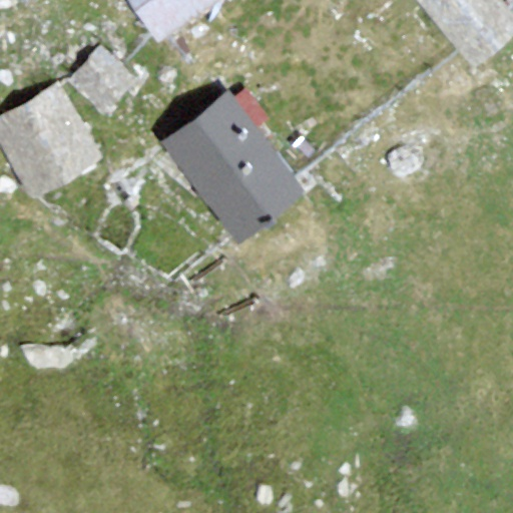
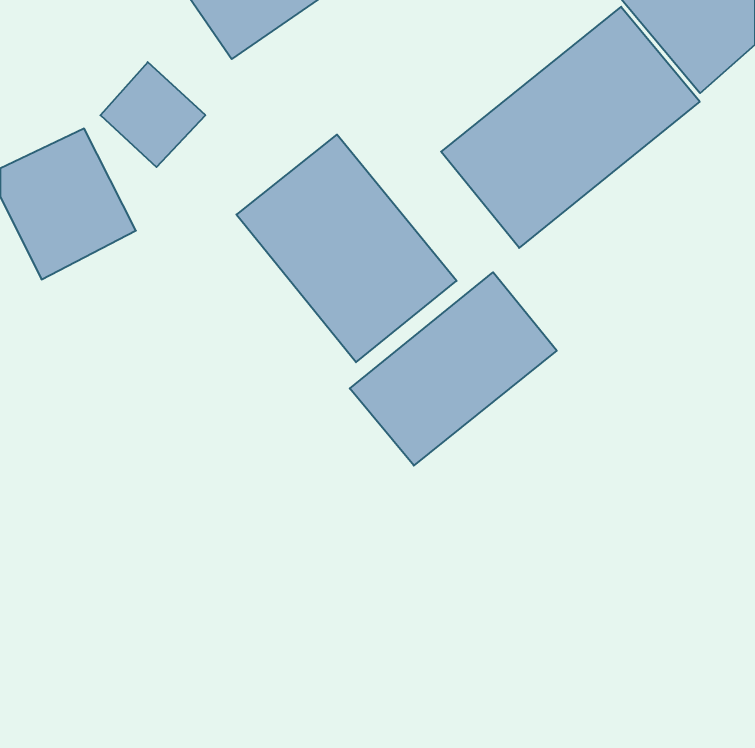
building: none -> [441,7,700,248]
building: none -> [350,272,557,466]

